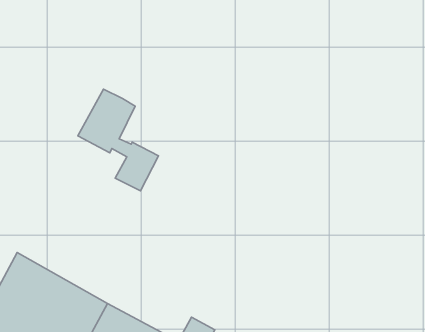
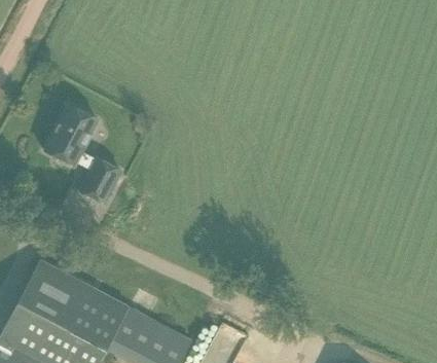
building: [78,89,159,191] -> [43,104,121,203]

